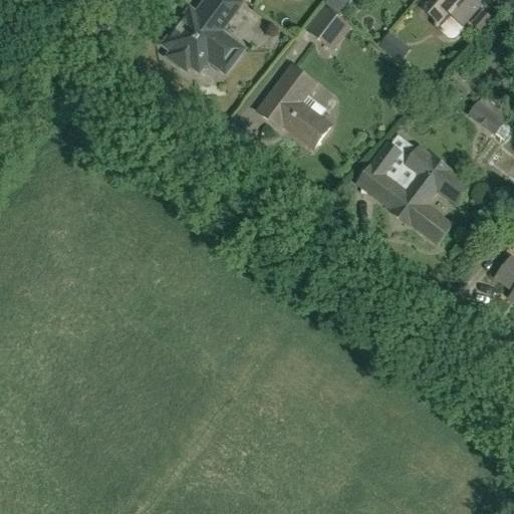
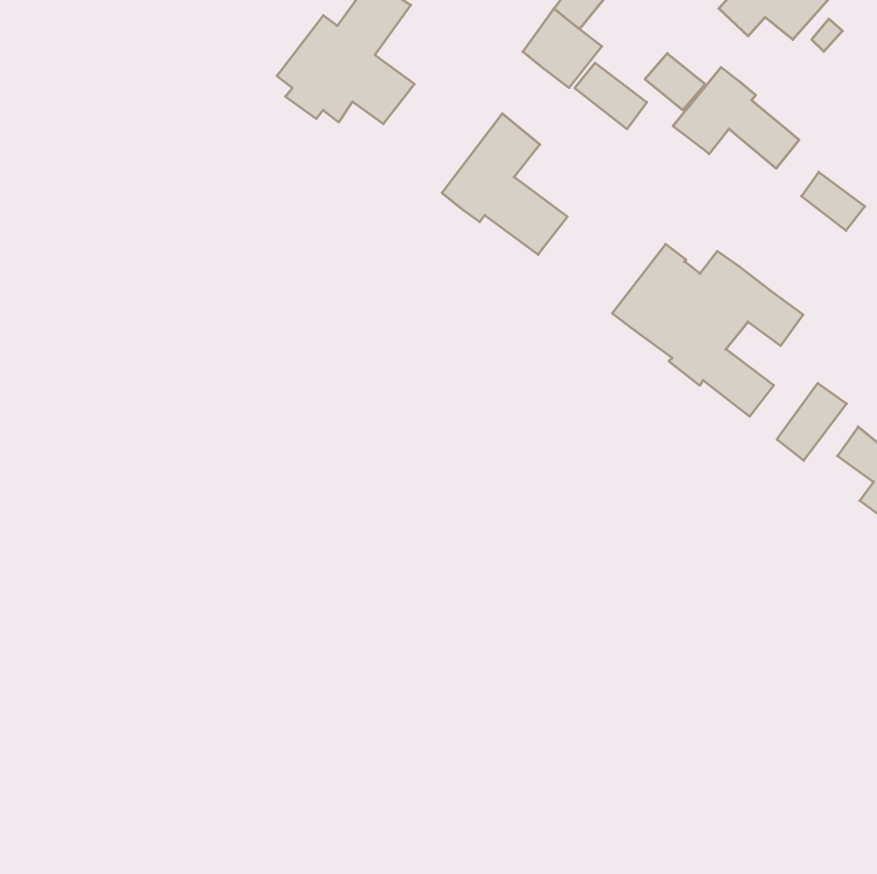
building: none -> [575,63,647,129]
building: none -> [673,67,799,168]
building: none -> [777,383,847,461]

